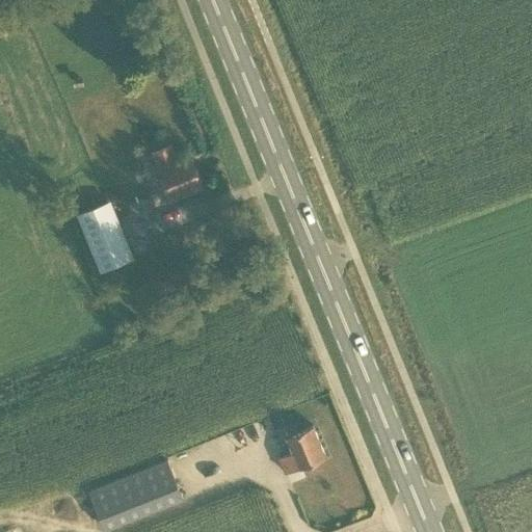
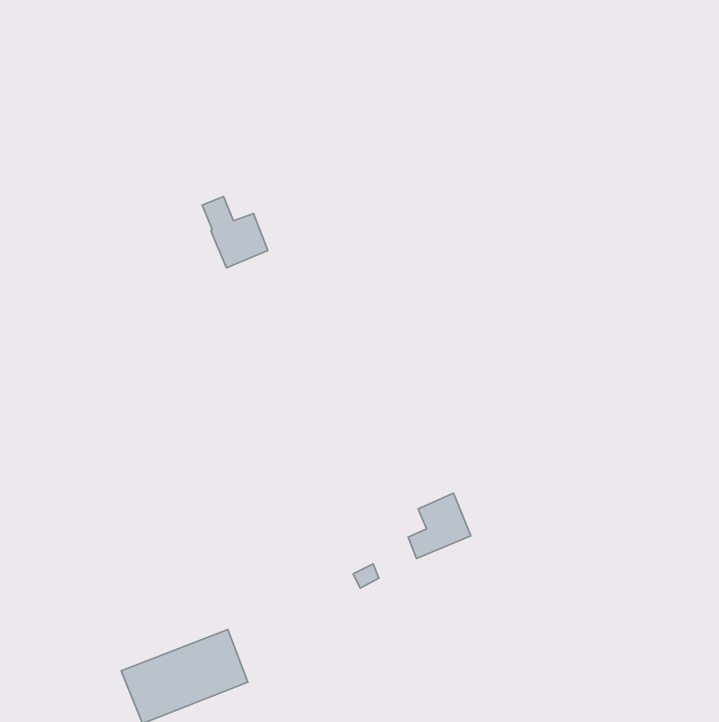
building: [79,202,132,271] -> none
building: [273,428,319,476] -> [408,493,471,559]

